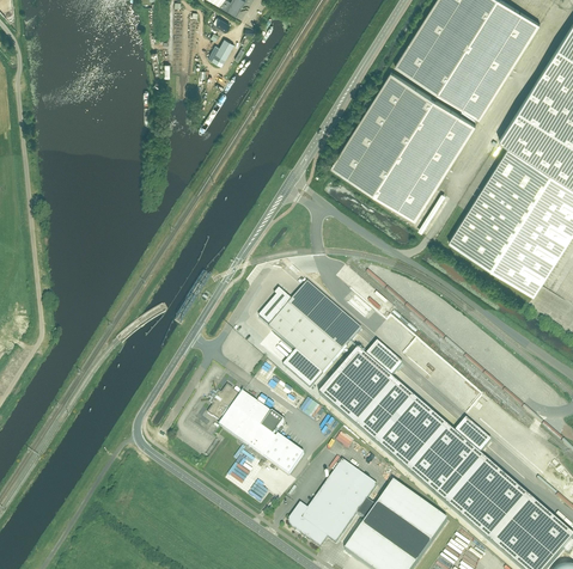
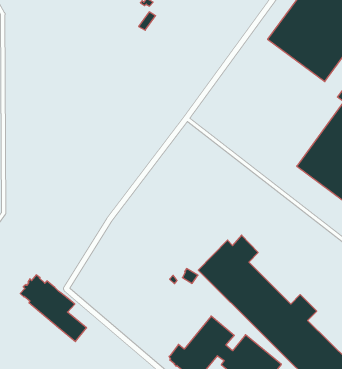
building: [331,71,477,220] -> none
building: [261,282,362,390] -> none
building: [208,385,305,475] -> [20,275,87,342]

